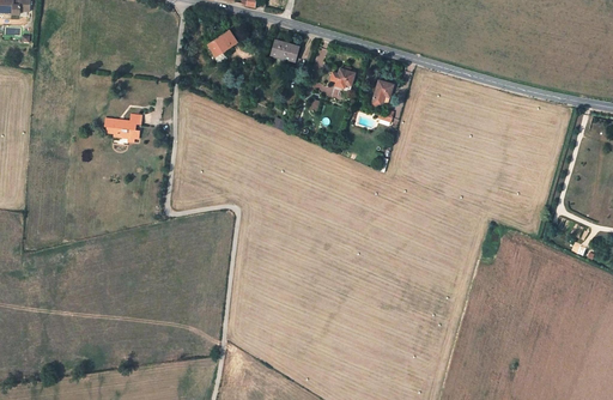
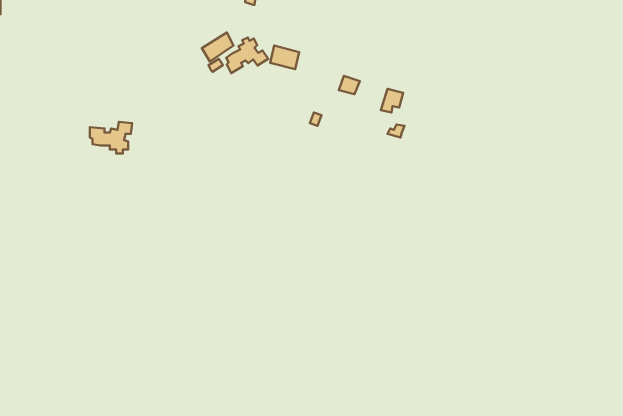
building: none -> [226,37,268,73]

